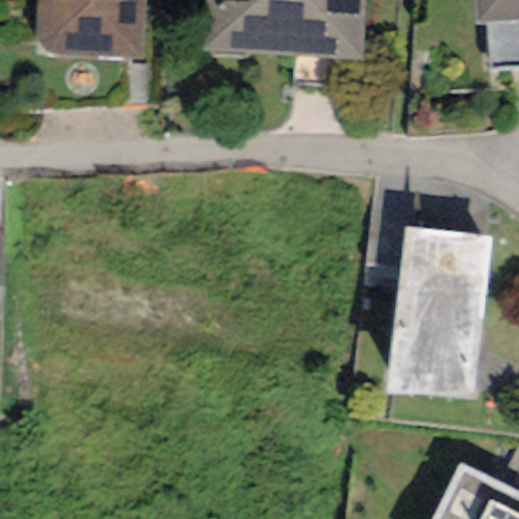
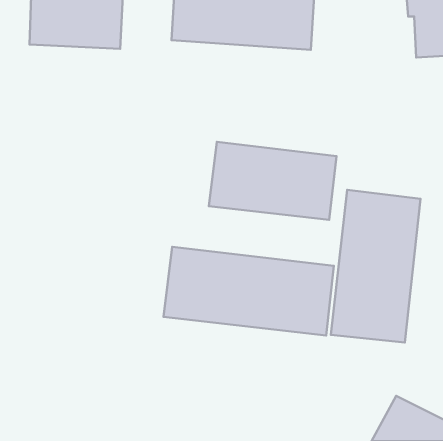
building: none -> [209,142,336,220]
building: none -> [163,247,334,335]

